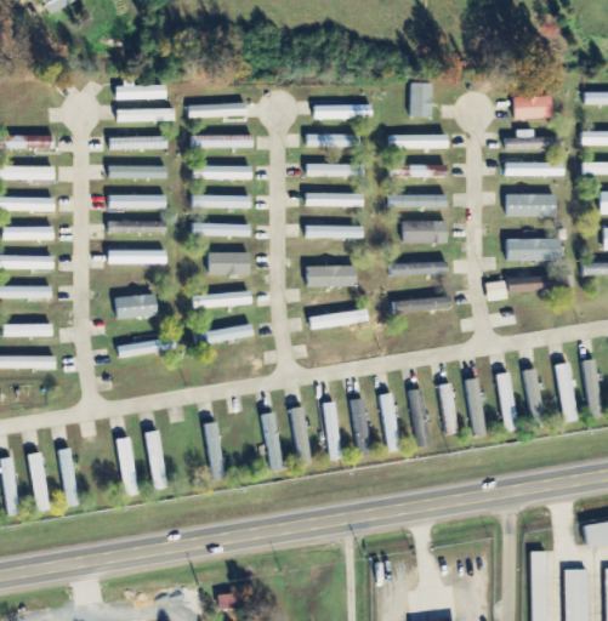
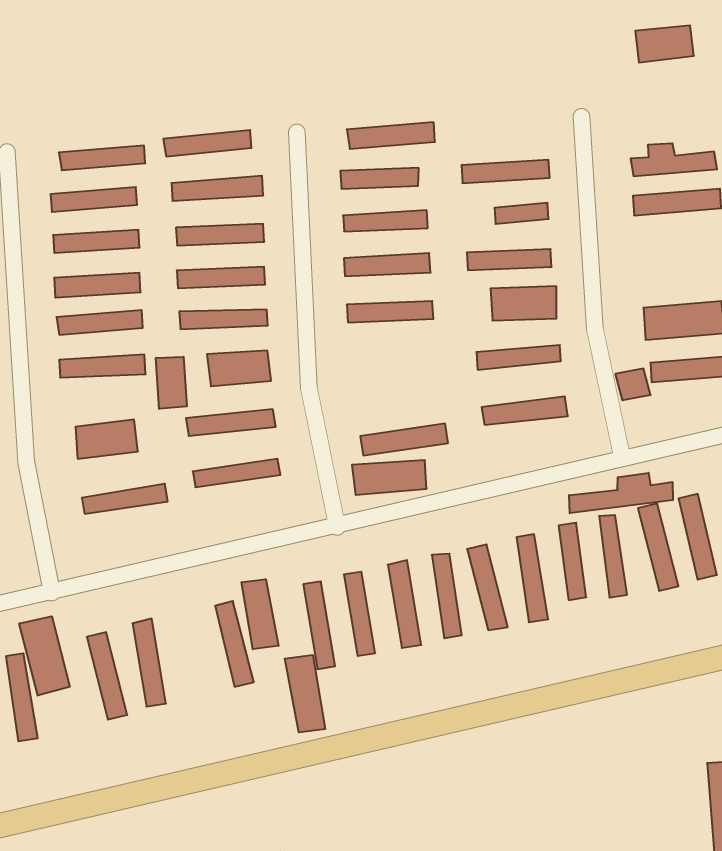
building: [117,78,166,98] -> none
building: [410,82,433,116] -> none
building: [515,96,553,119] -> [635,26,694,63]
building: [506,193,557,216] -> none
building: none -> [156,357,187,409]
building: [307,266,357,286] -> [352,460,427,495]
building: none -> [569,473,673,513]
building: none -> [242,579,278,649]
building: none -> [19,616,70,696]
building: none -> [285,655,325,732]

